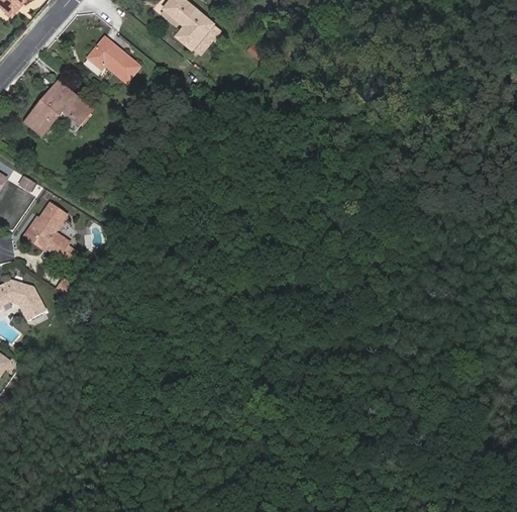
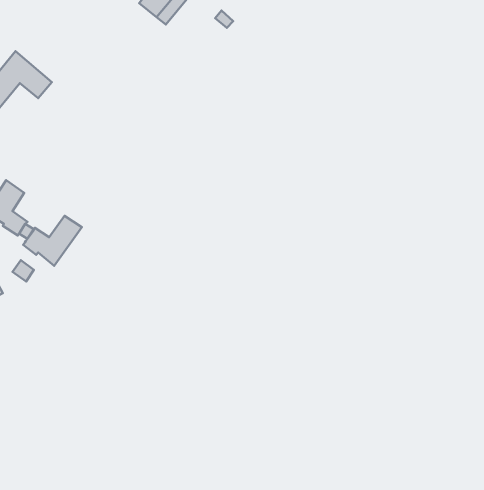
building: [86,37,138,80] -> none
building: none -> [23,216,82,266]

